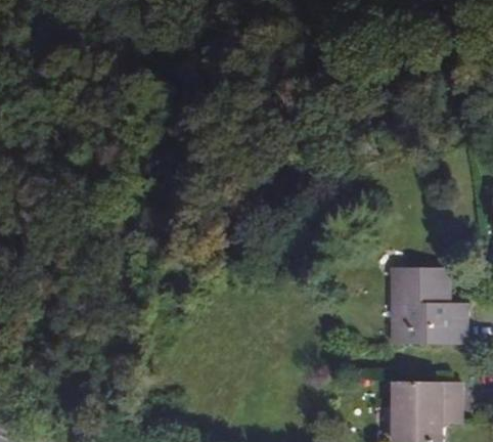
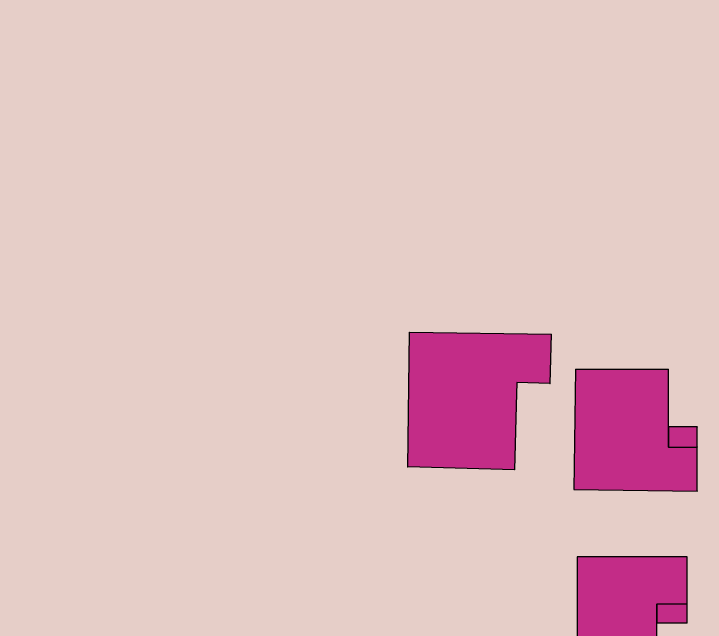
building: none -> [408,332,551,470]

